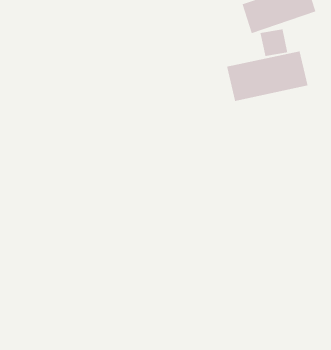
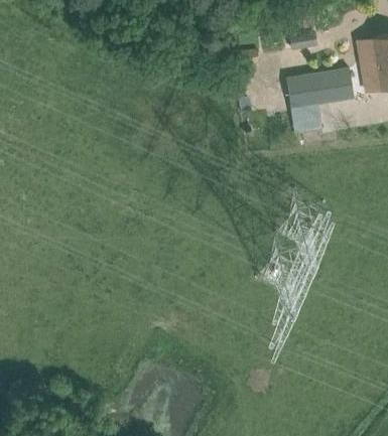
building: [226,50,308,102] -> none

